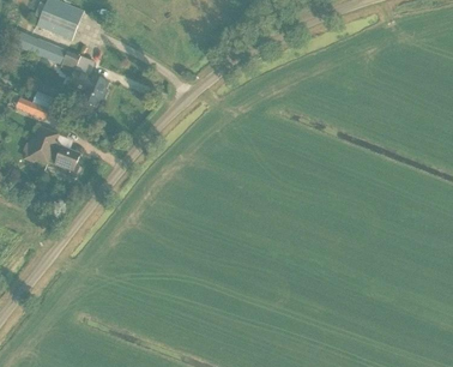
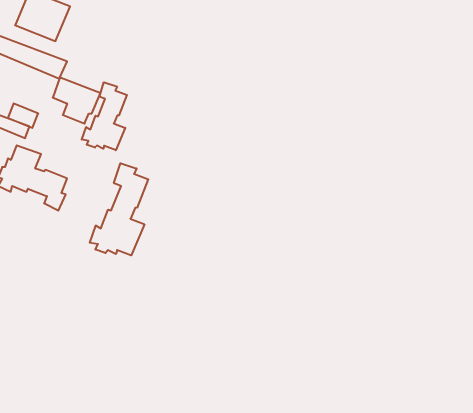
building: none -> [82,82,127,150]
building: none -> [90,163,148,255]

